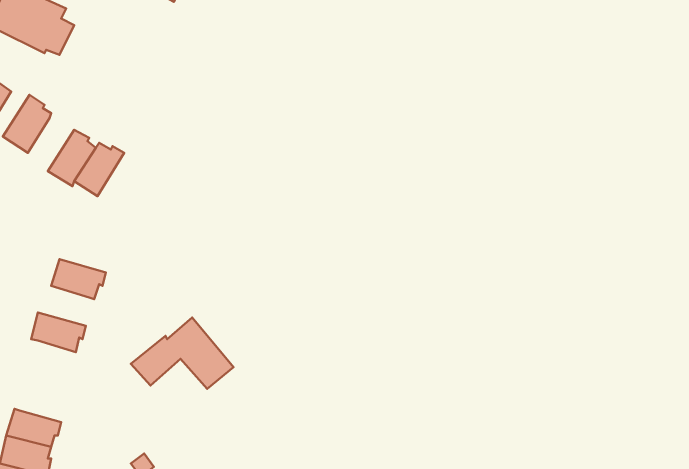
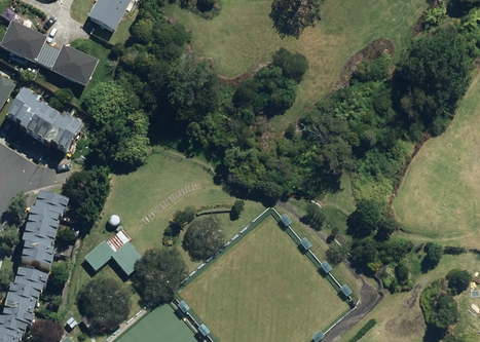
building: none -> [41,43,96,86]
building: none -> [20,103,50,136]
building: none -> [28,206,60,231]
building: none -> [23,240,54,265]
building: none -> [16,266,50,291]

